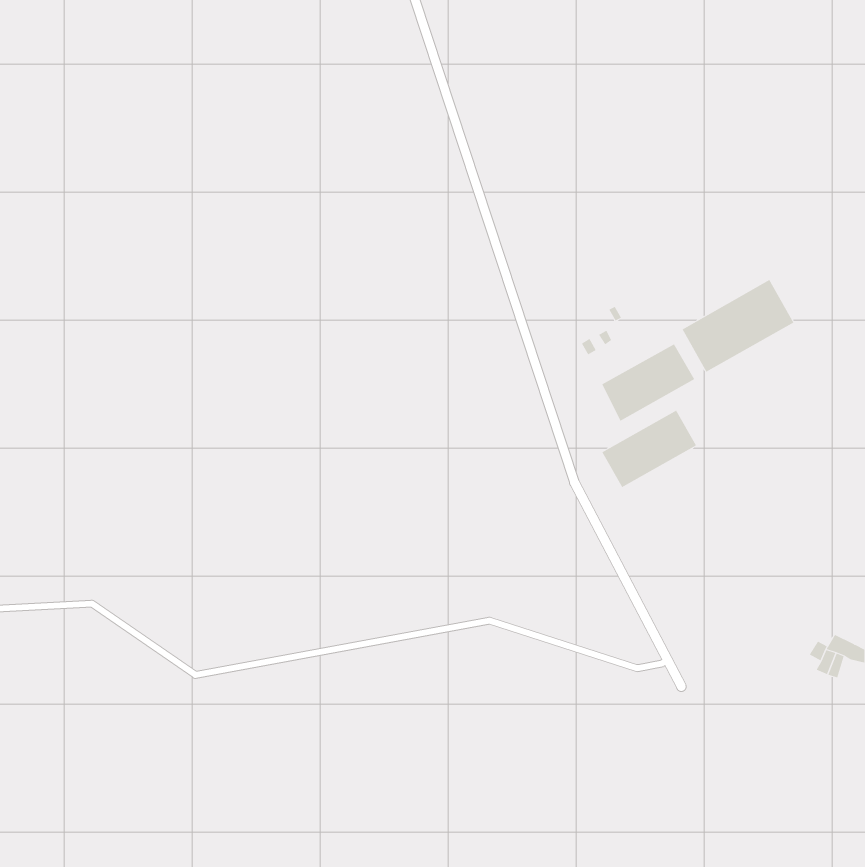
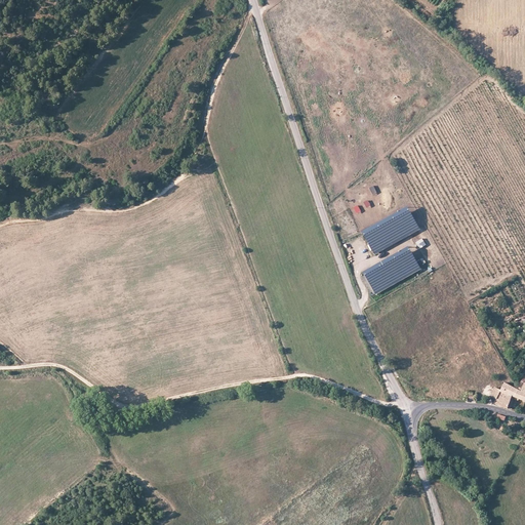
building: [682,279,794,373] -> none

